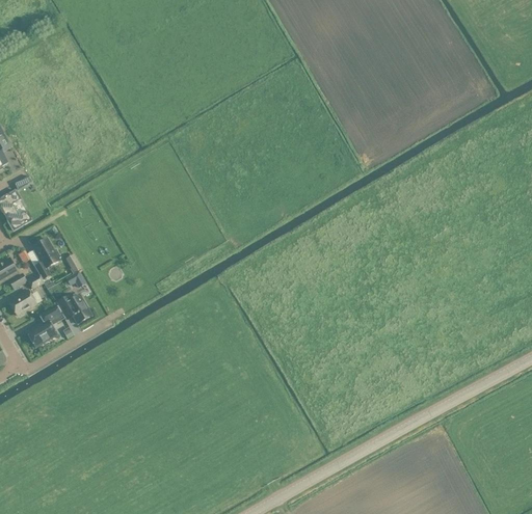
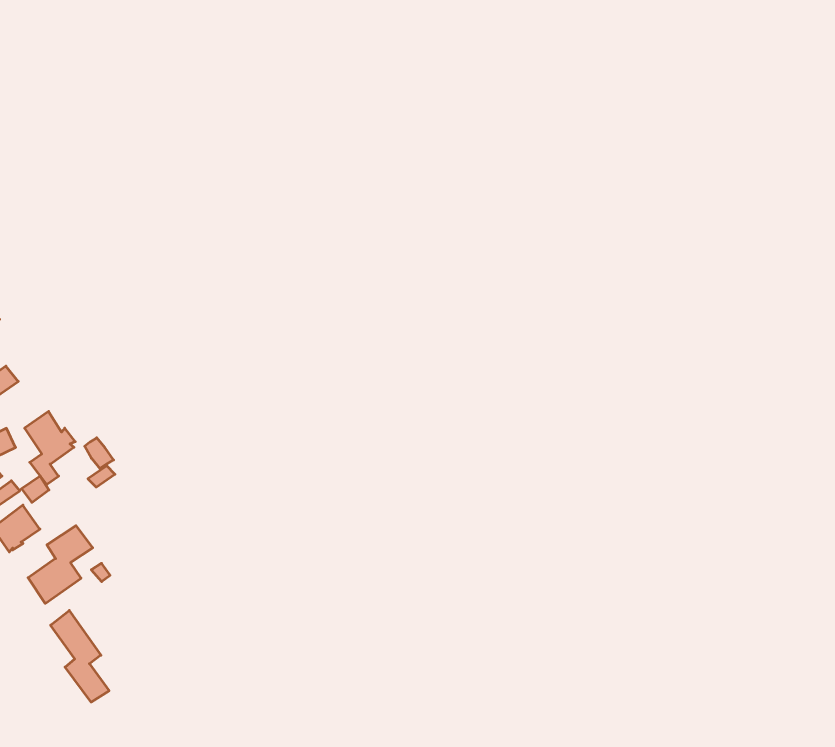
building: [57,295,91,323] -> none
building: none -> [51,610,109,702]

